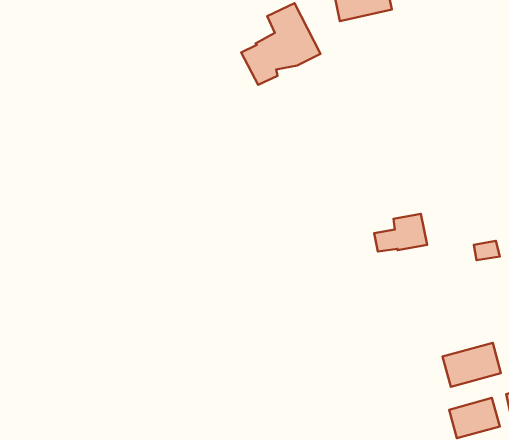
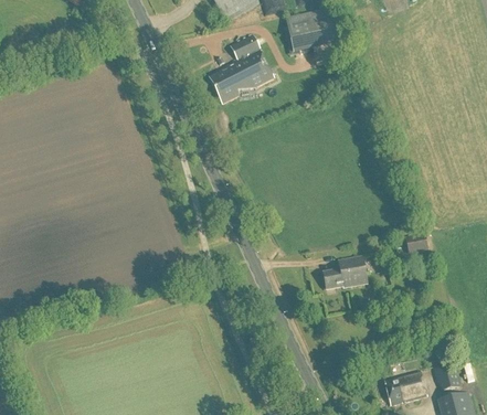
building: [374,214,427,251] -> [322,256,368,288]
building: [443,343,501,387] -> none

